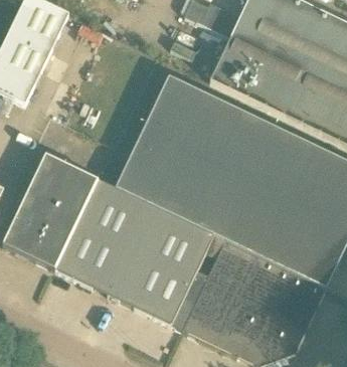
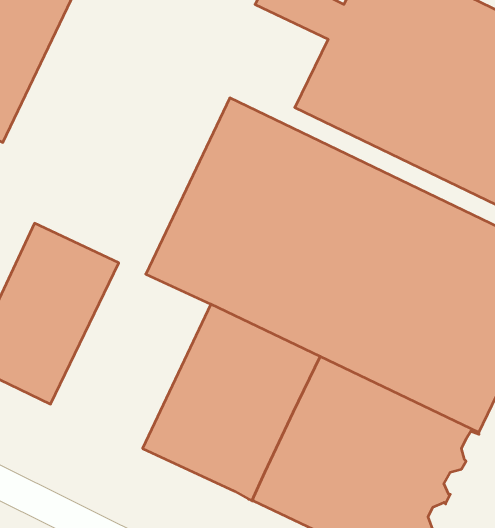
building: [54,179,156,297] -> none

